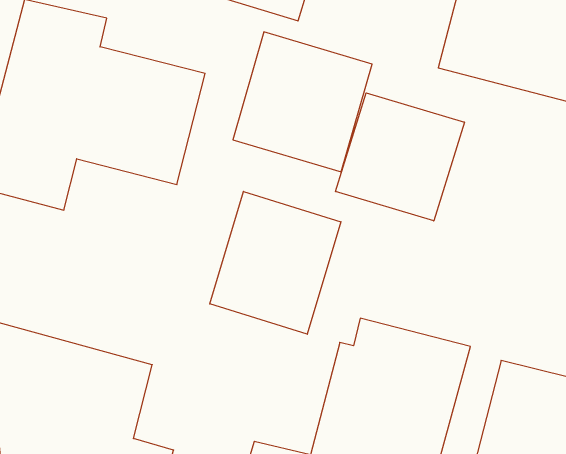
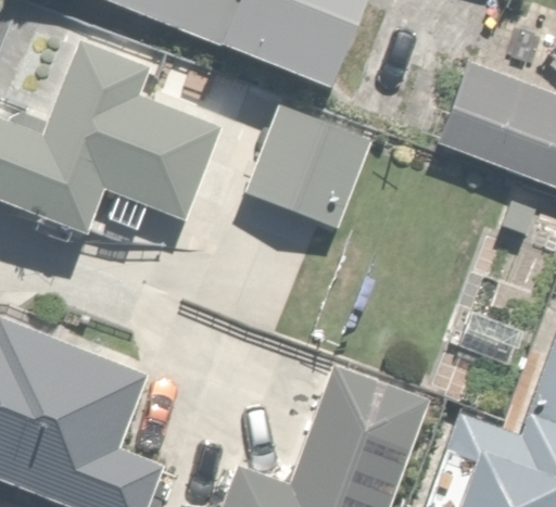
building: [336,93,464,221] -> none
building: [210,191,341,334] -> none

